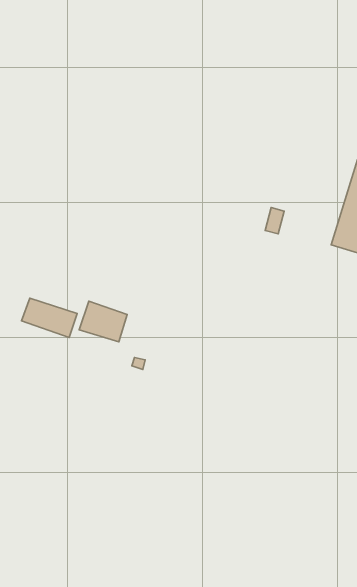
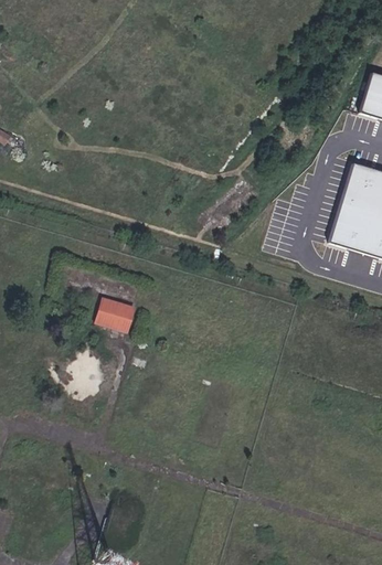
building: [21,298,77,338] -> none

